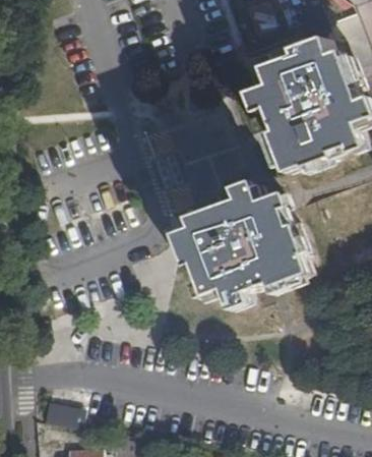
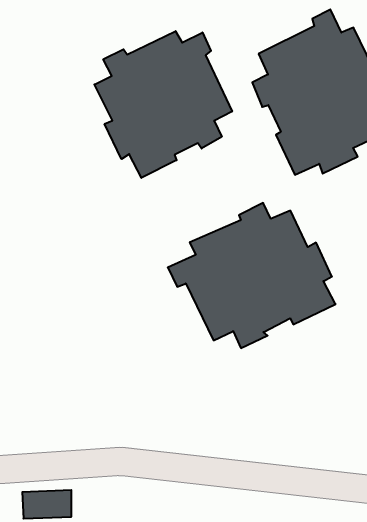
building: none -> [94,31,232,178]

